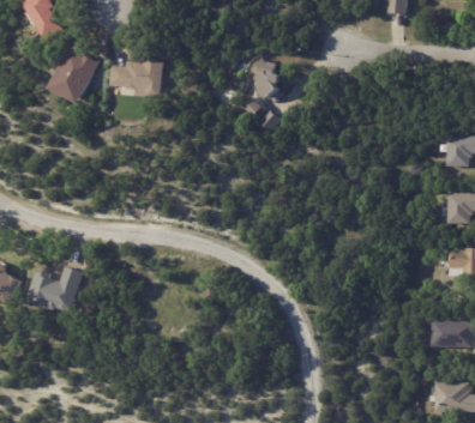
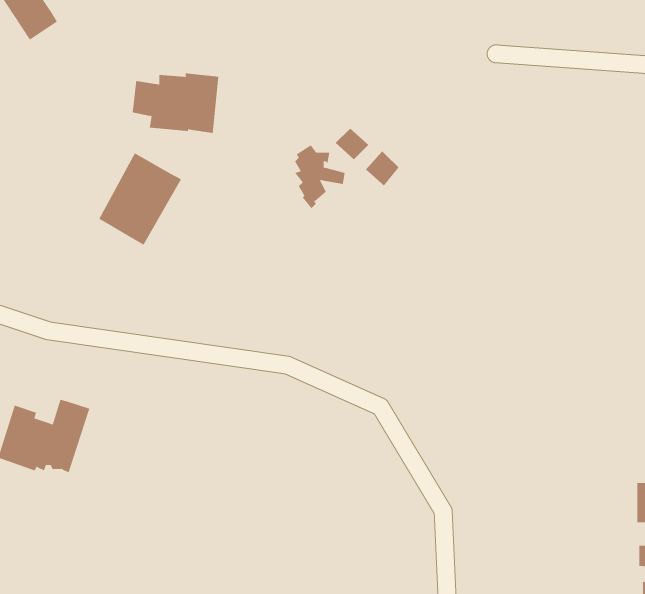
building: [47,46,100,104] -> [98,152,182,245]
building: [253,60,285,101] -> [294,145,345,209]

